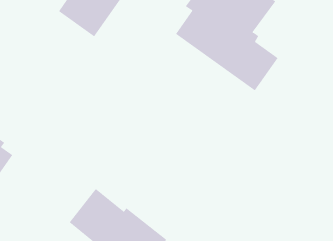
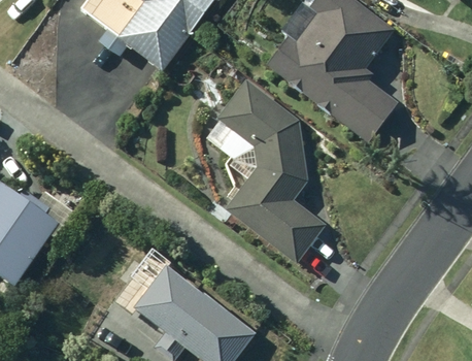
building: none -> [214,78,326,263]

